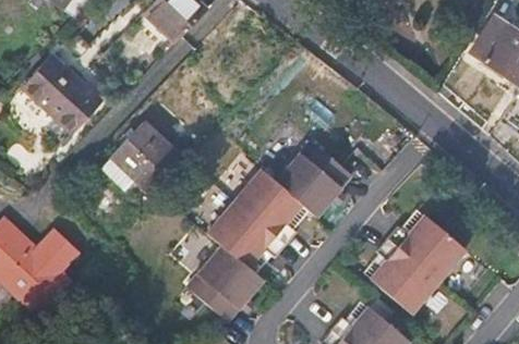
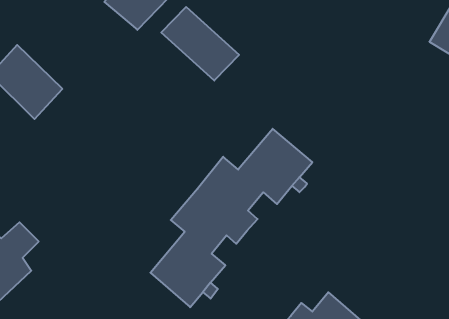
building: none -> [161,7,239,81]
building: [101,122,189,198] -> none
building: [370,216,464,314] -> none

